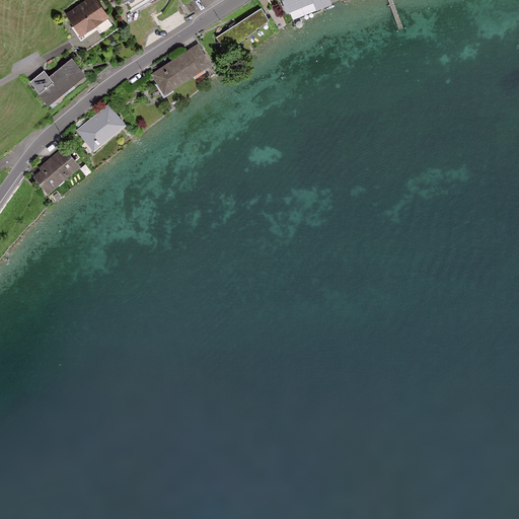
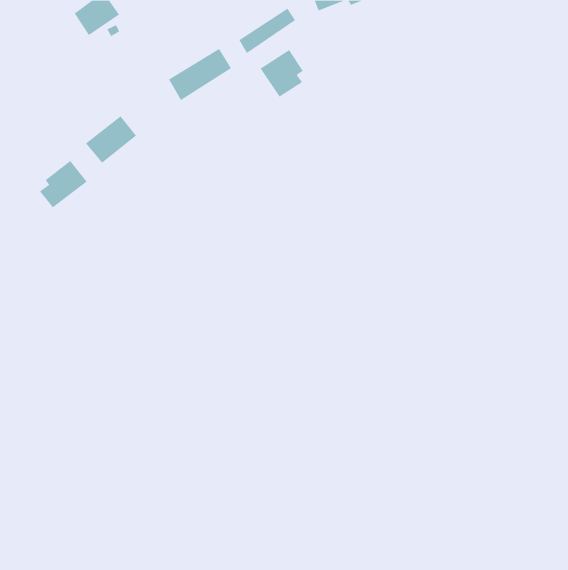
building: none -> [260,49,303,98]
building: [31,59,85,103] -> none

